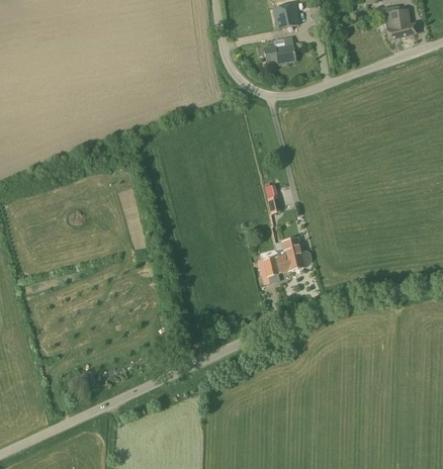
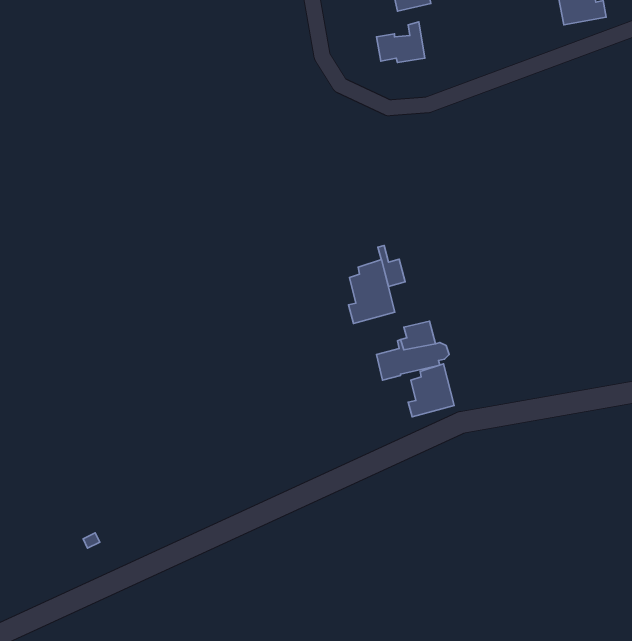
building: none -> [348,259,395,323]
building: none -> [408,364,454,417]

